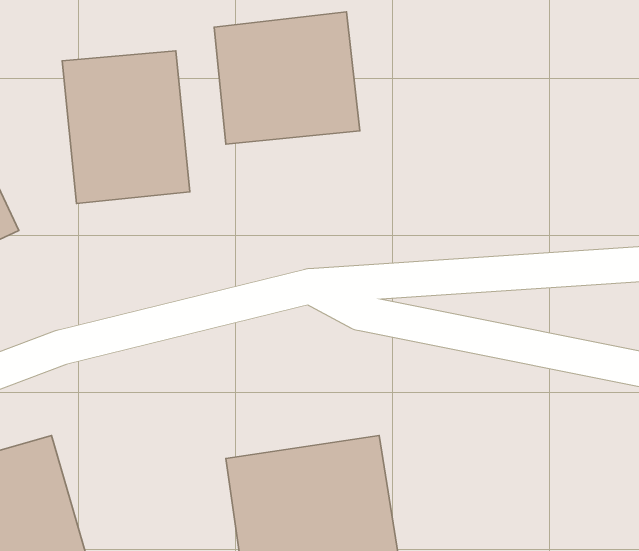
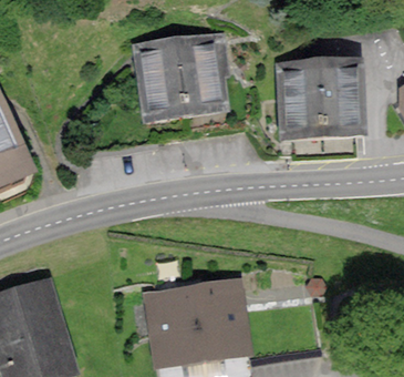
building: [62,51,190,204] -> none
building: none -> [280,61,359,134]

